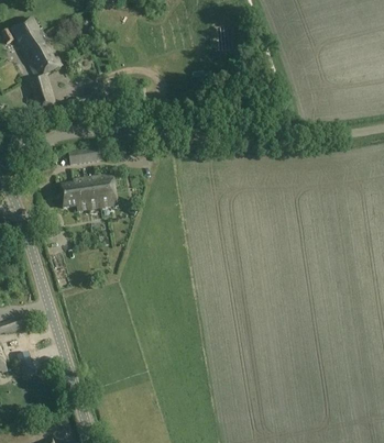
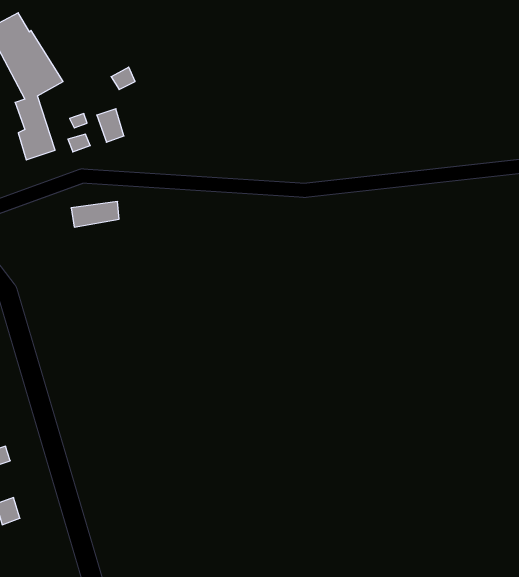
building: [59,174,117,210] -> none

